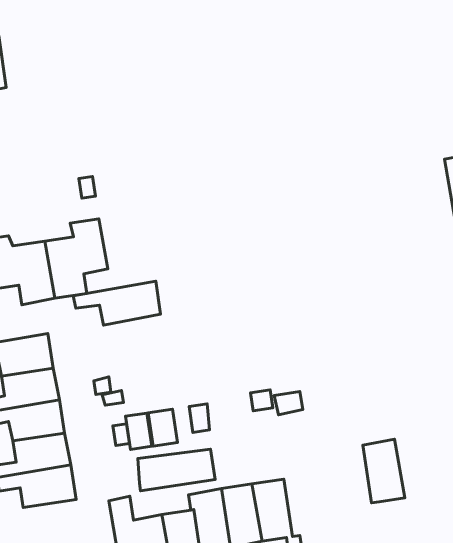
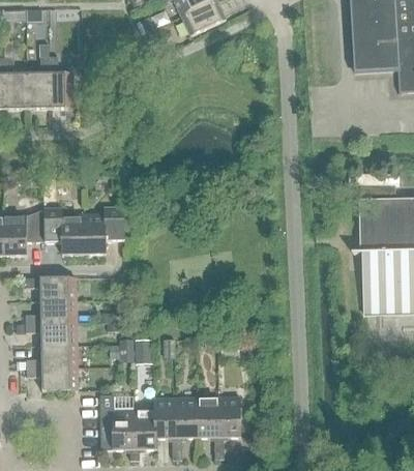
building: [73,281,161,325] -> none
building: [363,439,405,503] -> [218,396,241,437]
building: [138,449,215,491] -> none

